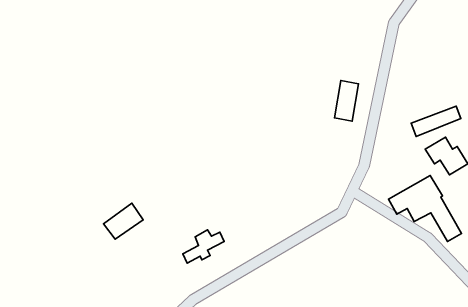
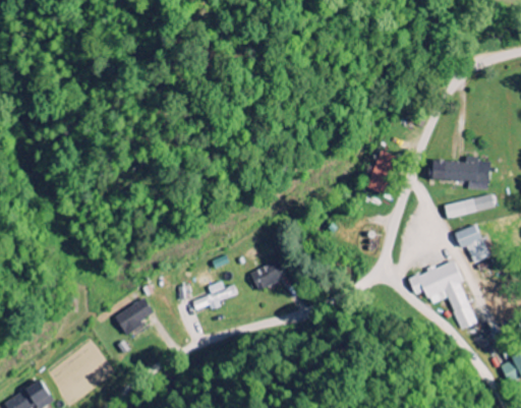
building: none -> [430,160,490,182]
building: none -> [250,258,288,290]
building: [104,203,143,239] -> [115,298,156,332]

